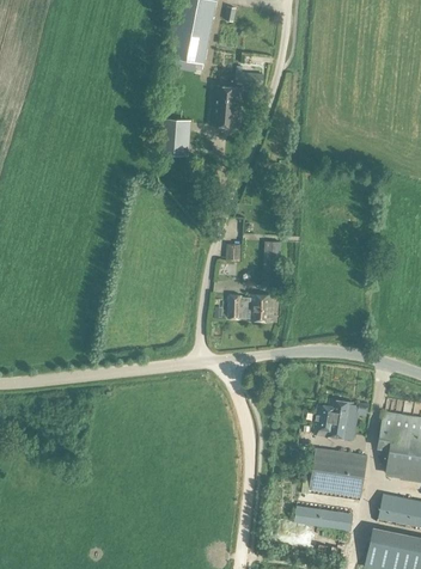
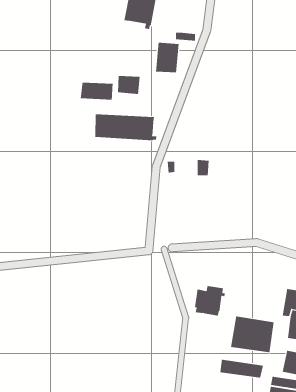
building: none -> [80,82,113,101]
building: none -> [95,114,157,141]
building: [228,295,274,322] -> none
building: [315,399,356,440] -> [194,285,226,316]

